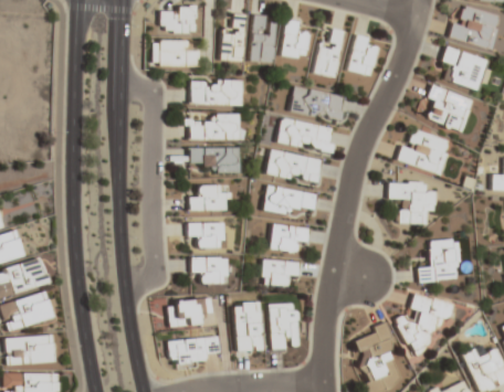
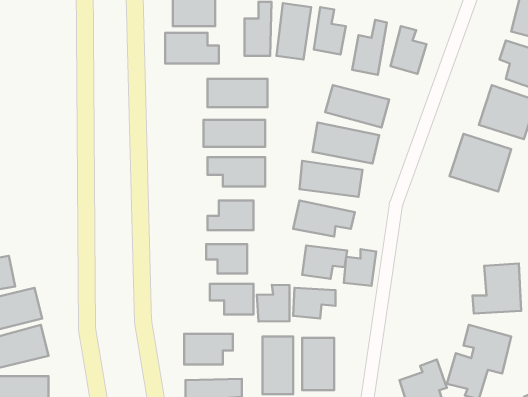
building: [388,179,435,224] -> none
building: none -> [344,249,376,286]
building: none -> [257,285,289,322]

